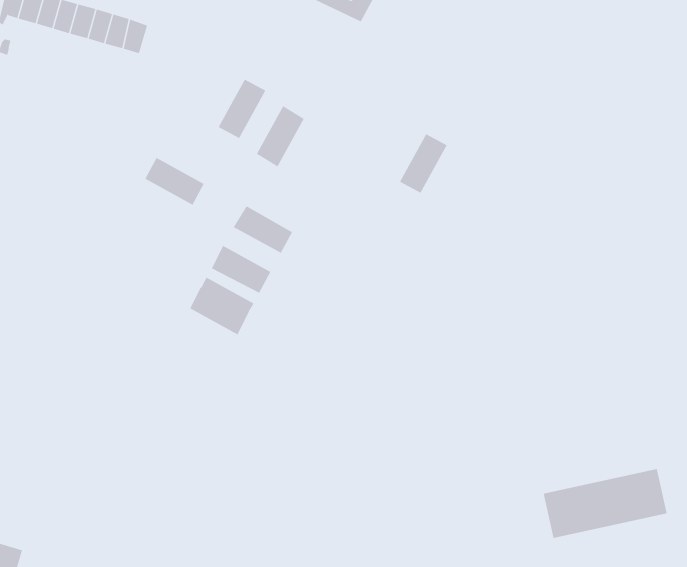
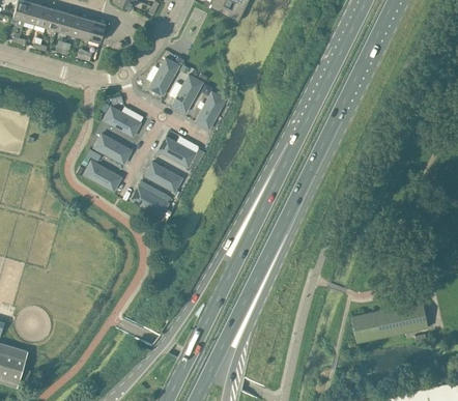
building: [399,134,447,194] -> [195,92,225,130]
building: none -> [93,134,131,165]
building: none -> [83,161,120,192]

